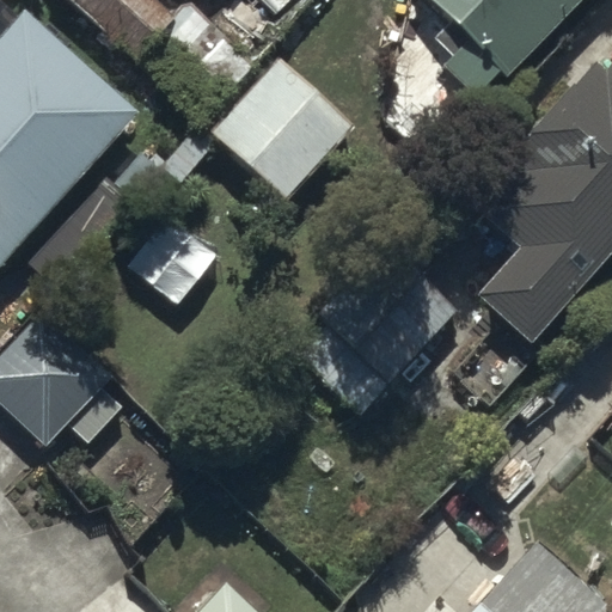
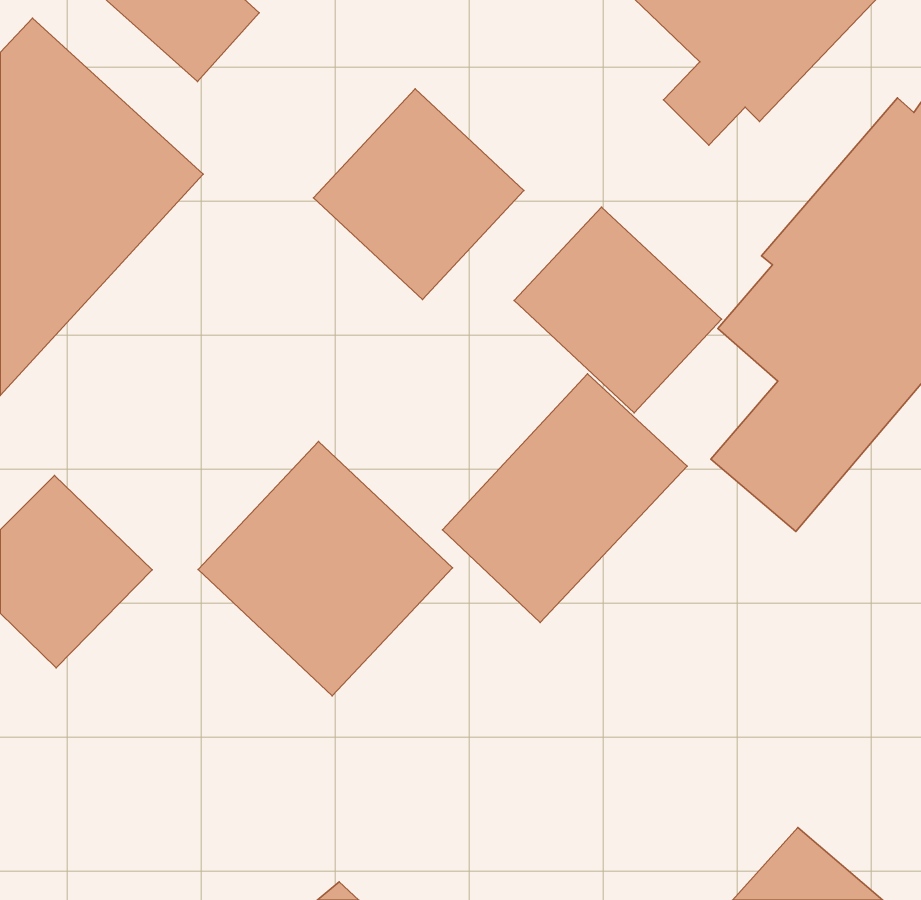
building: none -> [514,207,721,413]
building: none -> [198,442,452,696]

